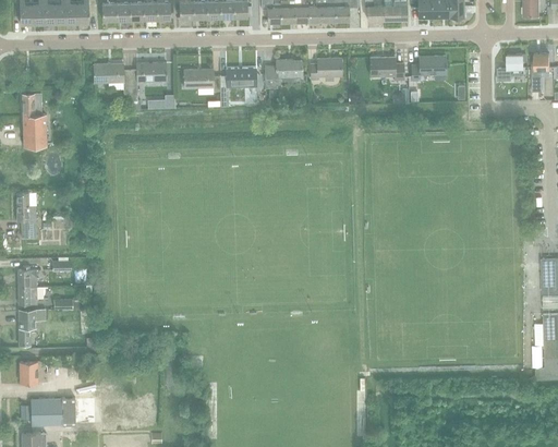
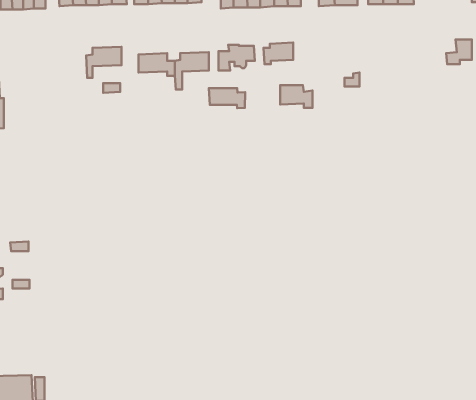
building: [412,56,445,80] -> none
building: [371,57,403,80] -> [280,85,312,108]
building: [93,63,131,95] -> none
building: none -> [209,88,245,108]

